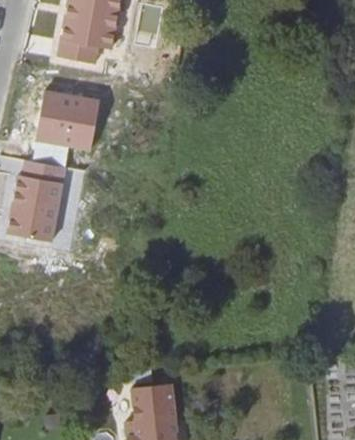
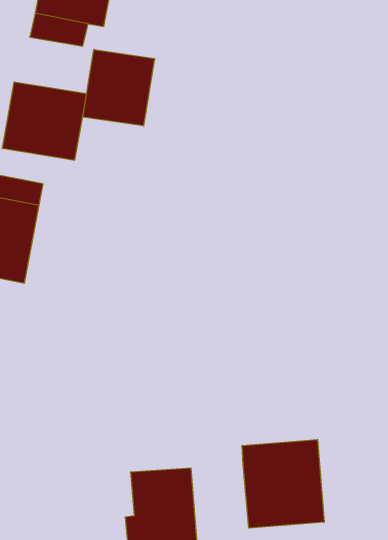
building: none -> [83,49,155,126]
building: none -> [242,439,324,528]

